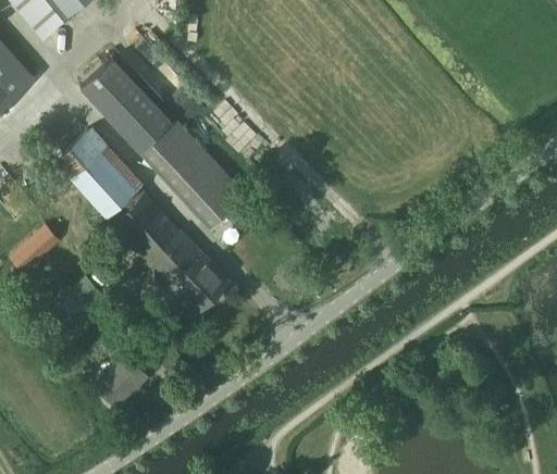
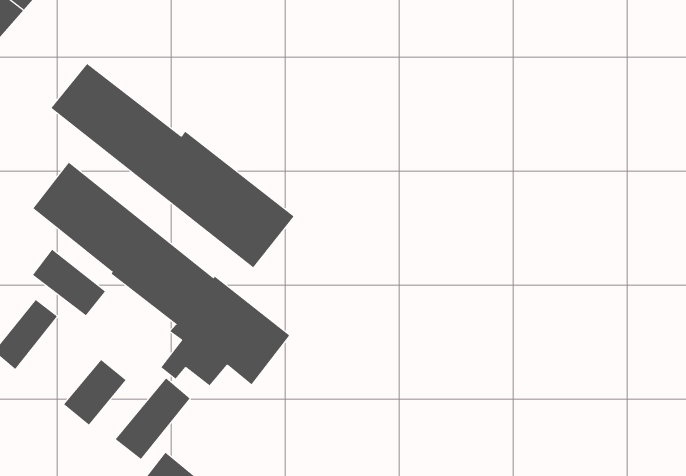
building: none -> [32,249,106,316]
building: none -> [115,378,191,460]

